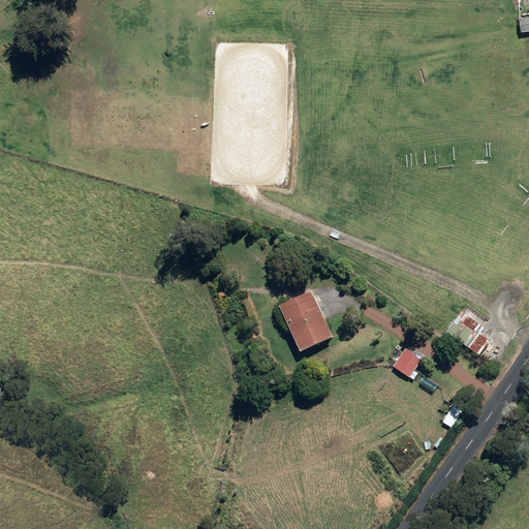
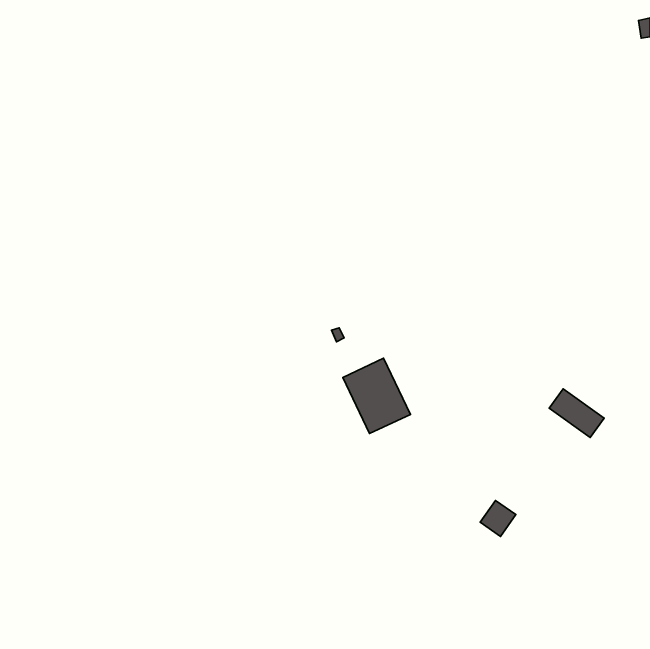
building: [392,347,421,376] -> [480,501,516,536]

